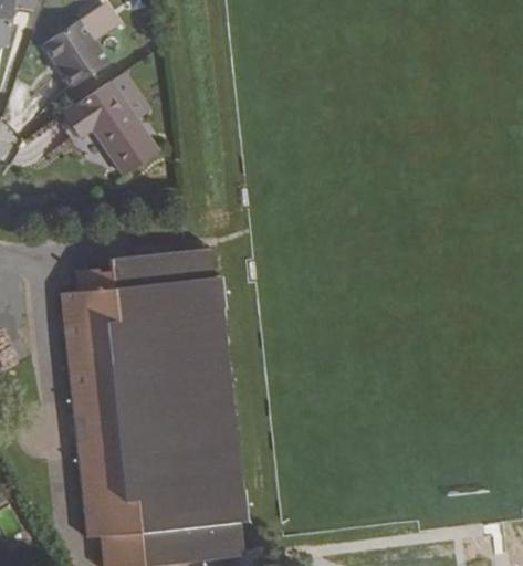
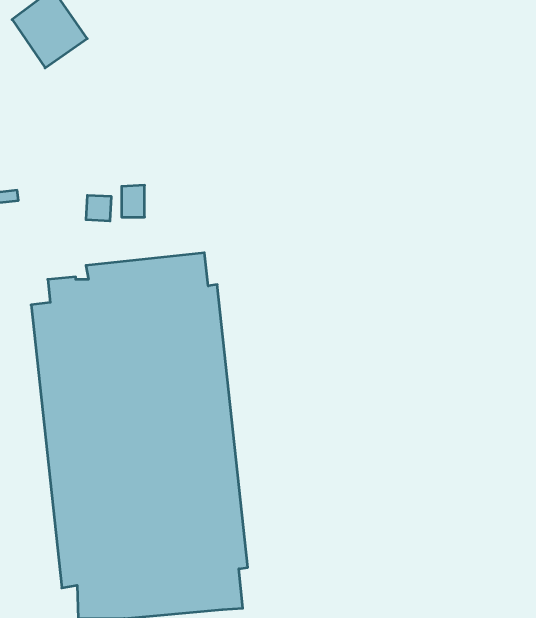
building: [64,81,159,176] -> none

